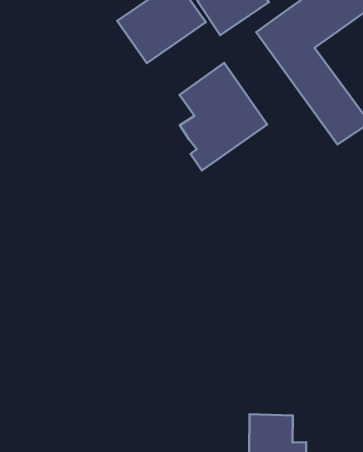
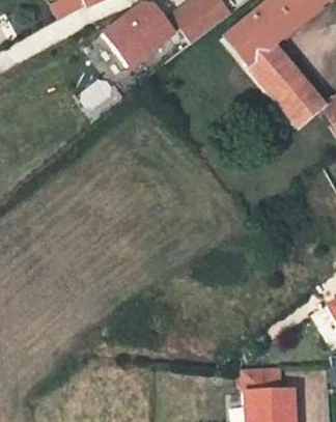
building: [180,63,267,170] -> none

